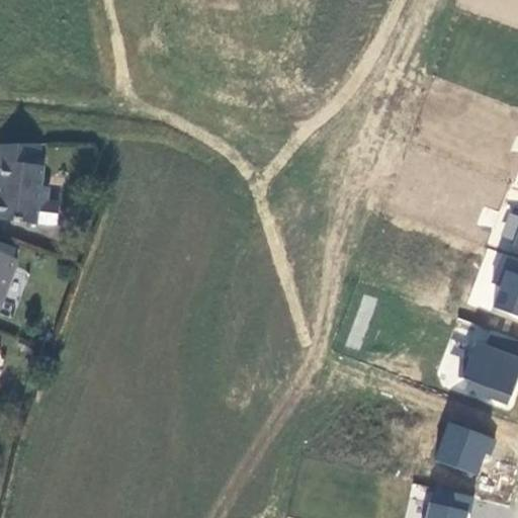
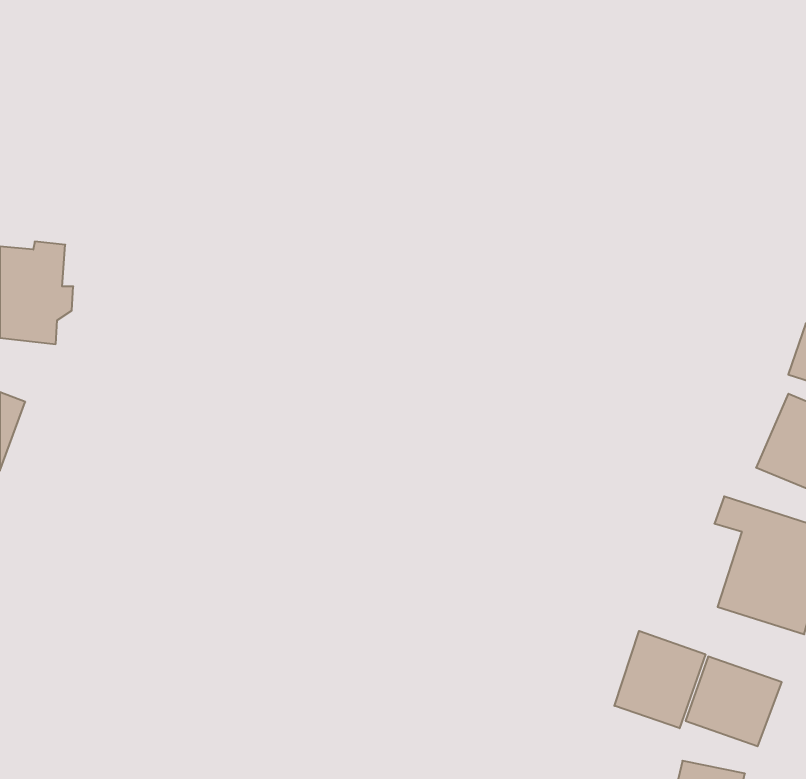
building: none -> [614,631,705,728]

